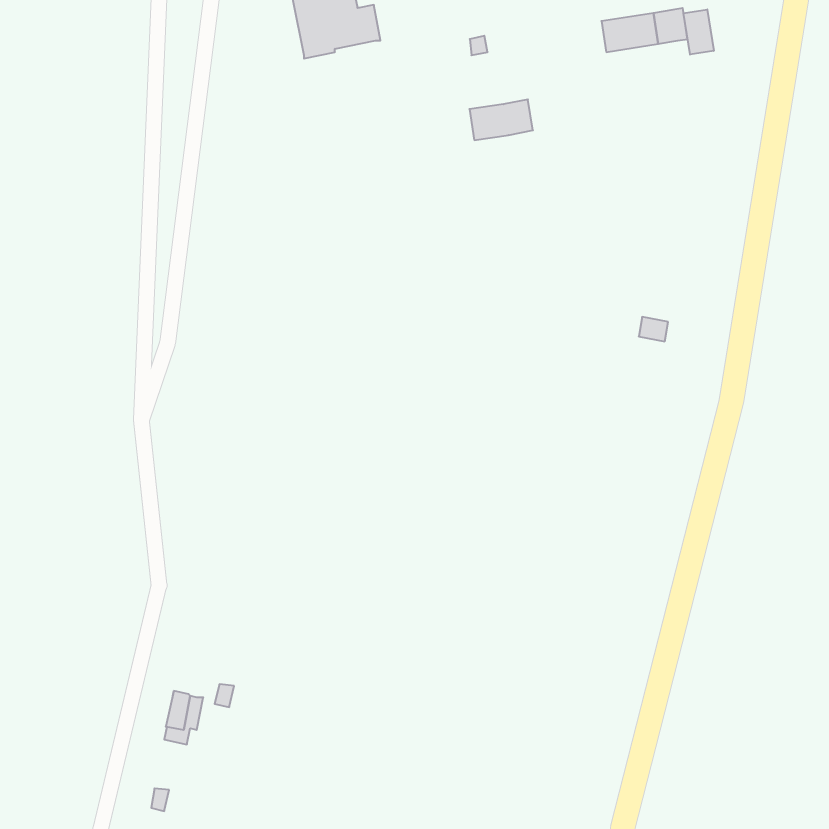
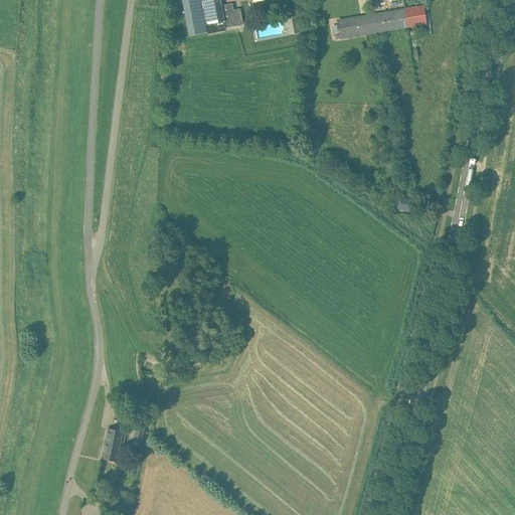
building: [684,9,714,55] -> none
building: [469,99,533,140] -> [337,13,376,38]

